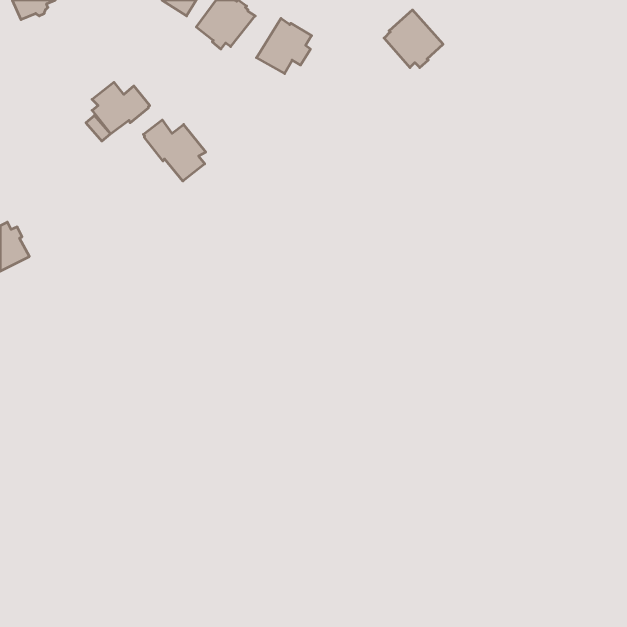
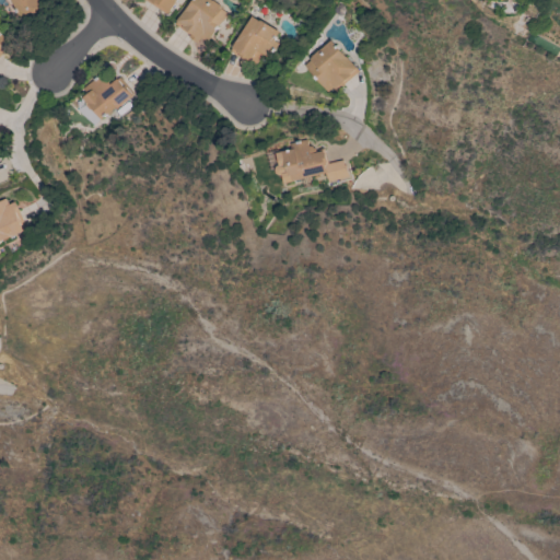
building: [384,10,443,68] -> [305,40,358,92]
building: [143,120,206,181] -> none
building: none -> [275,139,348,183]

